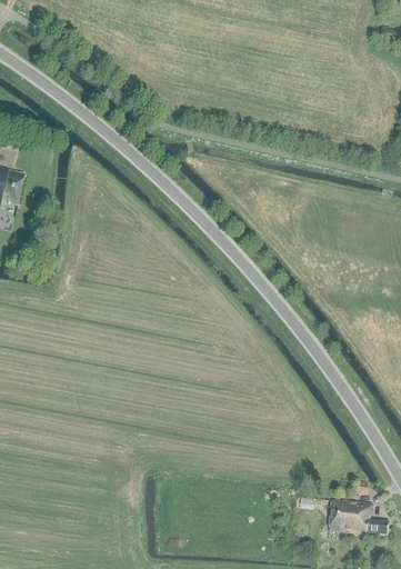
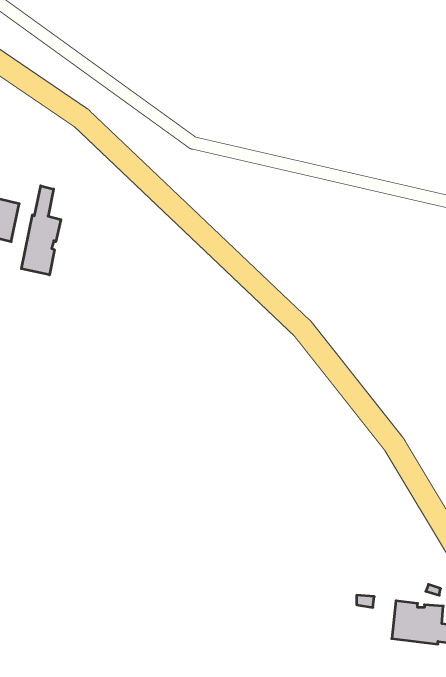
building: none -> [21,186,61,275]

